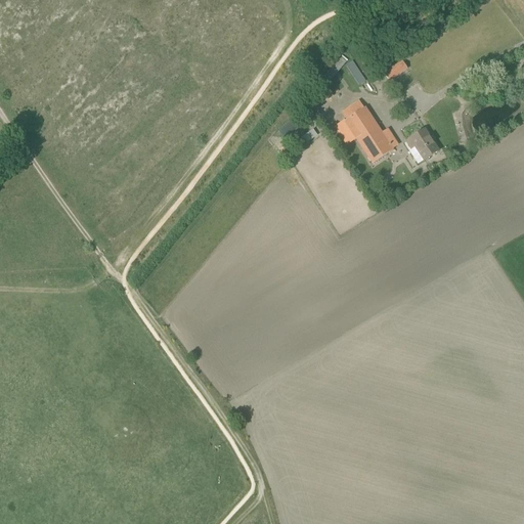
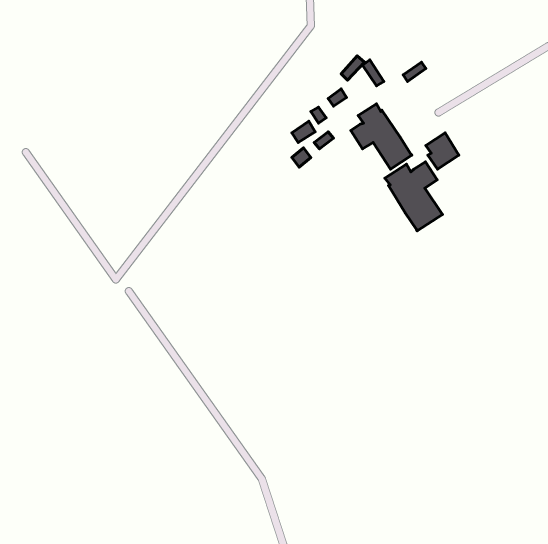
building: none -> [385,162,442,231]

